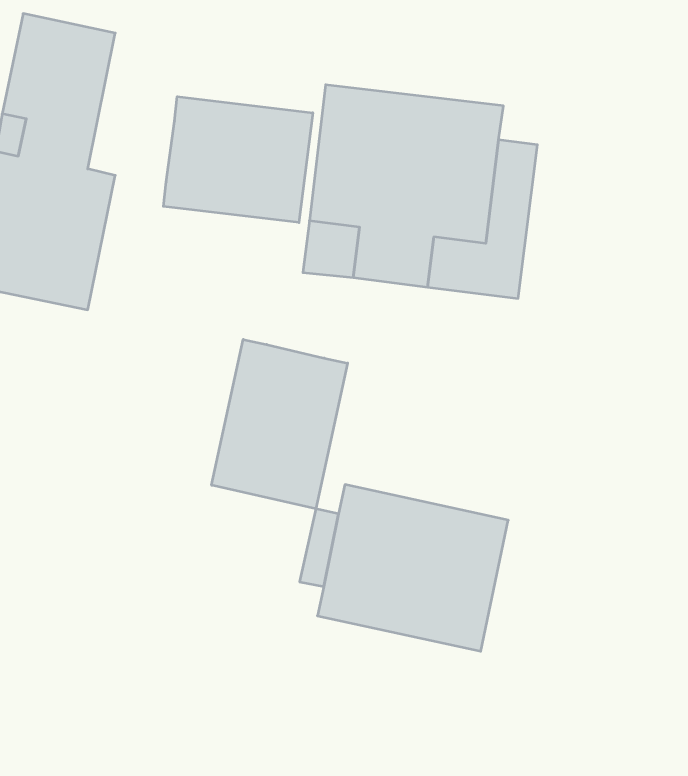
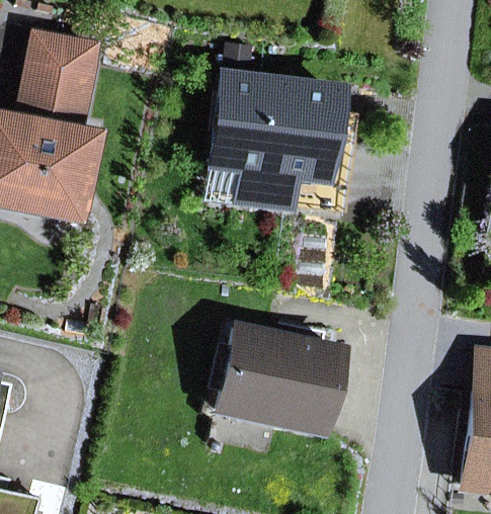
building: [163,97,313,223] -> none
building: [212,339,348,509] -> none

